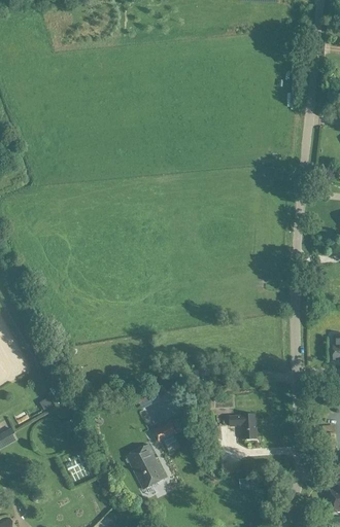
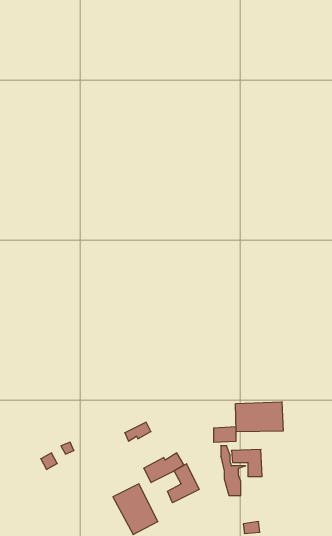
building: none -> [236,402,283,432]
building: none -> [168,464,199,503]

